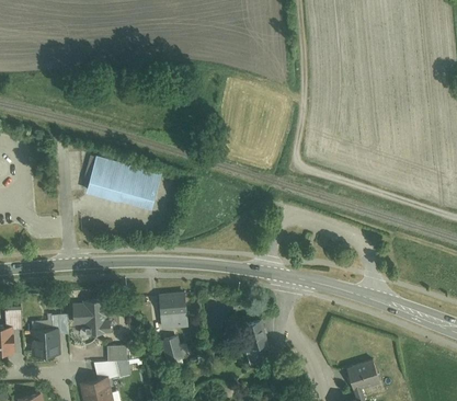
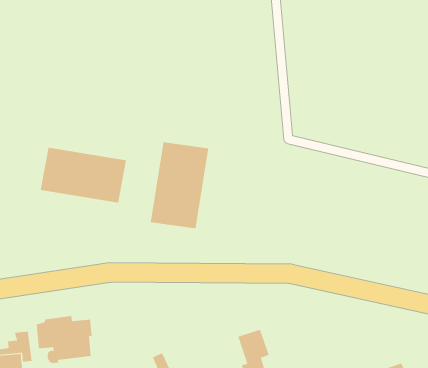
building: none -> [150,142,209,229]
building: [159,294,187,330] -> none

